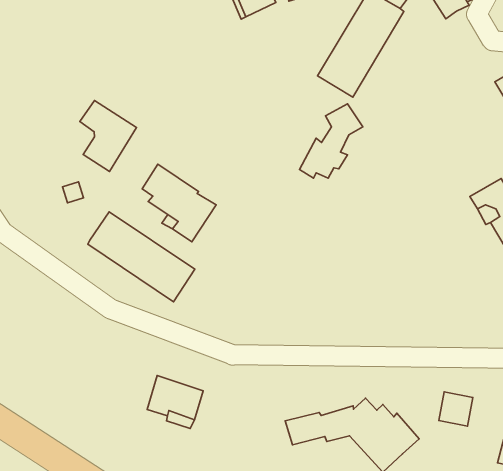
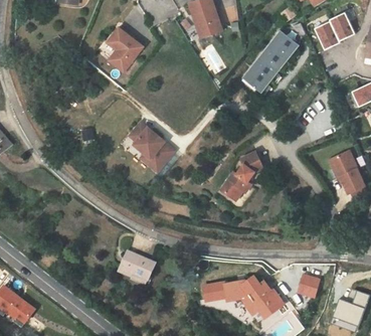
building: [80,100,137,172] -> [109,28,143,72]
building: [299,104,363,178] -> [221,153,262,197]
building: [88,212,195,302] -> none

